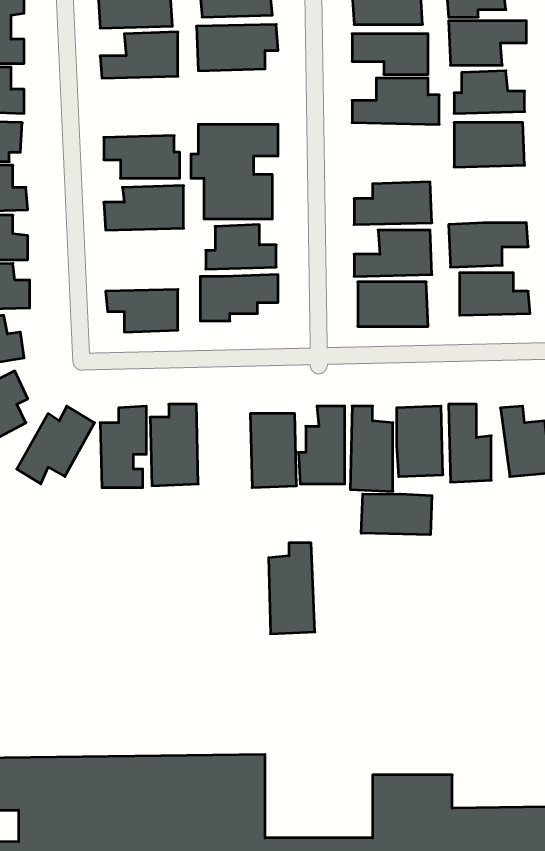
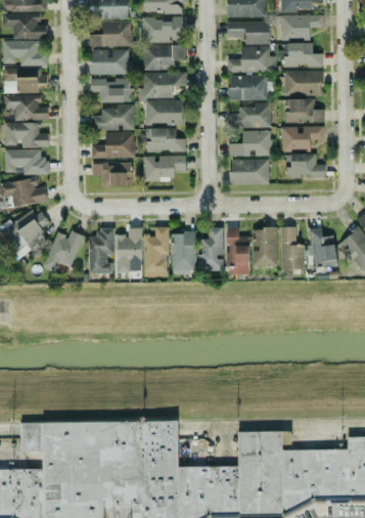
building: none -> [142,45,185,71]
building: none -> [90,50,129,76]
building: none -> [228,76,267,101]
building: none -> [283,99,323,123]
building: none -> [91,132,134,159]
building: [361,494,432,535] -> none
building: [269,543,315,634] -> [143,227,169,277]

